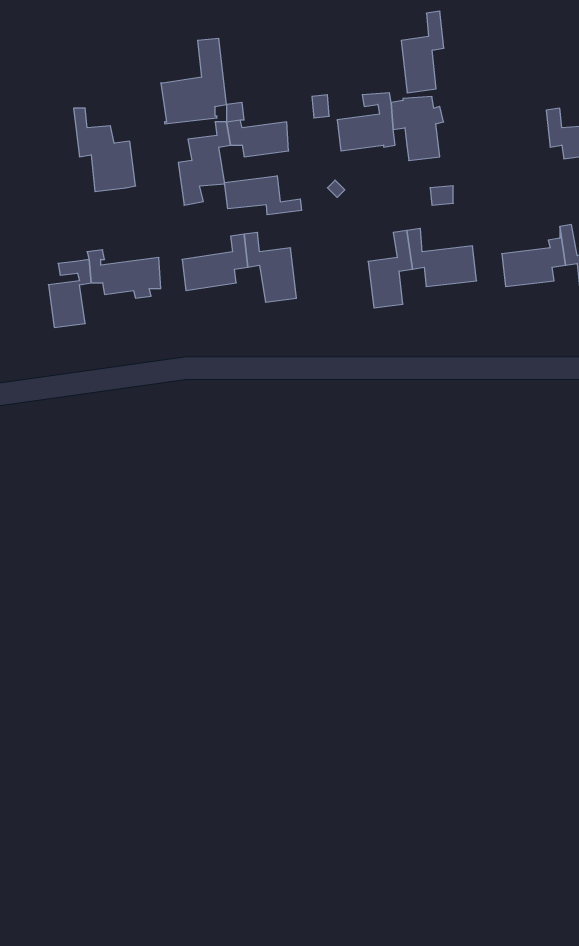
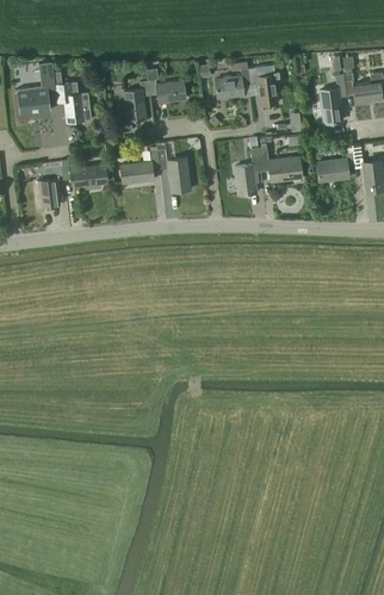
building: [401,11,444,93] -> [320,73,346,123]
building: [161,39,227,124] -> [16,61,56,113]
building: [225,176,301,215] -> none

